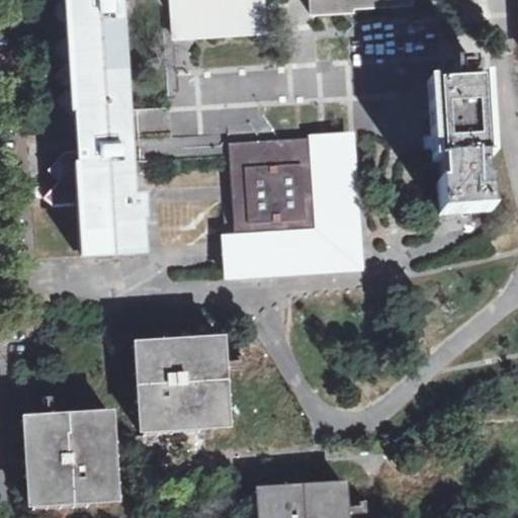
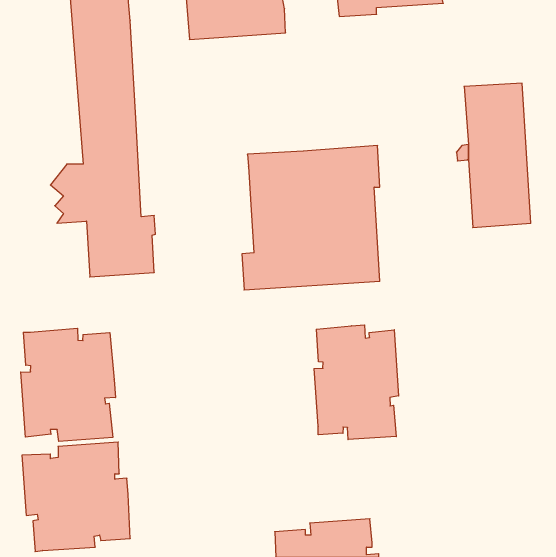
building: none -> [314,325,399,440]
building: none -> [21,328,115,441]
building: [135,336,235,435] -> none

